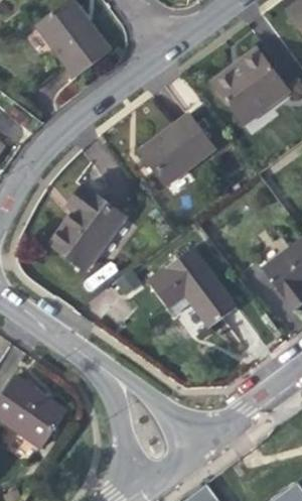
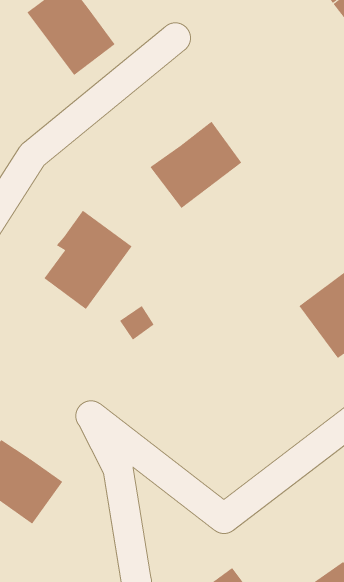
building: [211,52,289,125] -> none
building: [147,250,236,330] -> none

